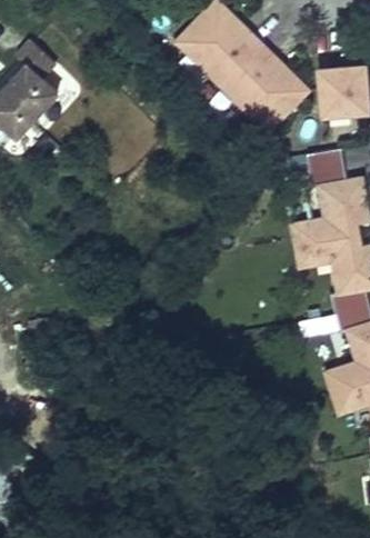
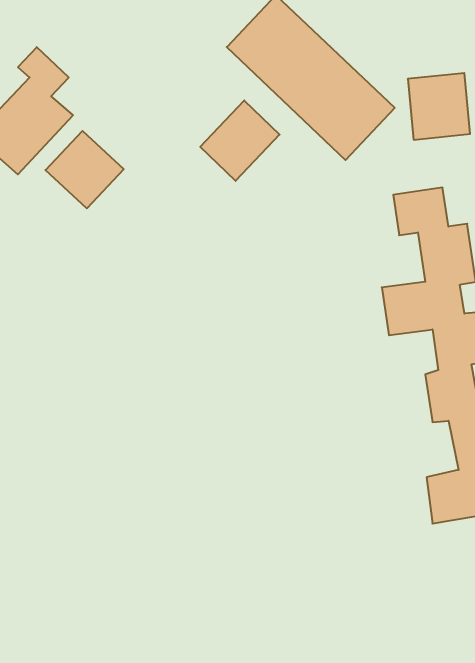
building: none -> [200,100,280,181]
building: none -> [45,131,124,208]

